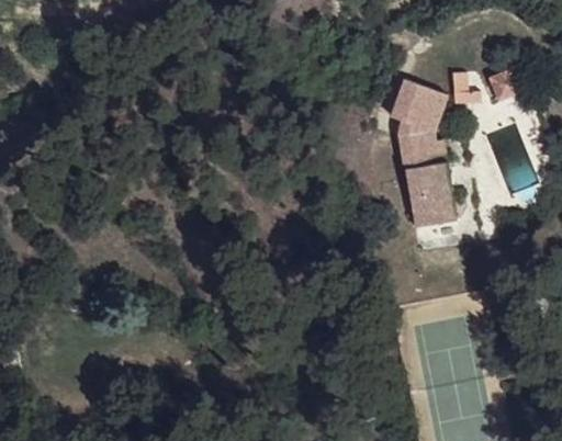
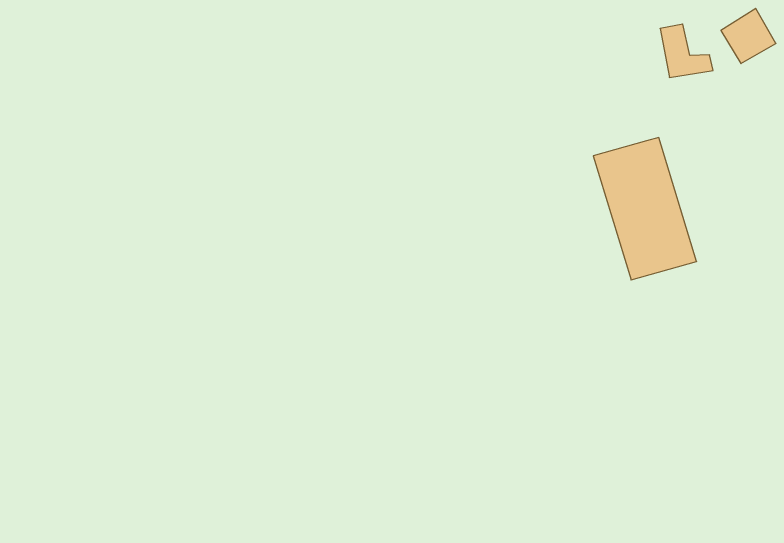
building: [391,79,446,145] -> none

